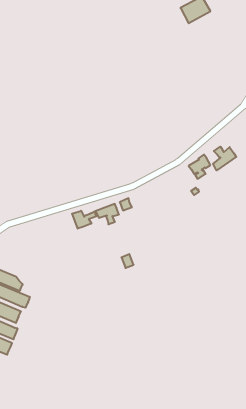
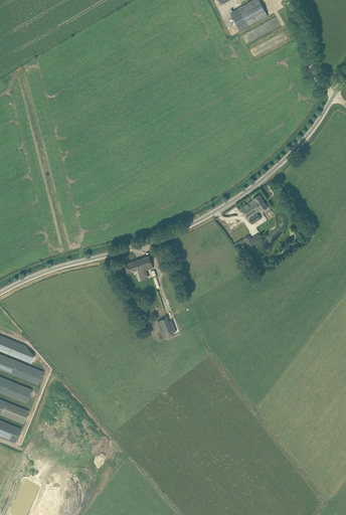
building: [213,147,236,170] -> none
building: [72,211,96,229] -> none

